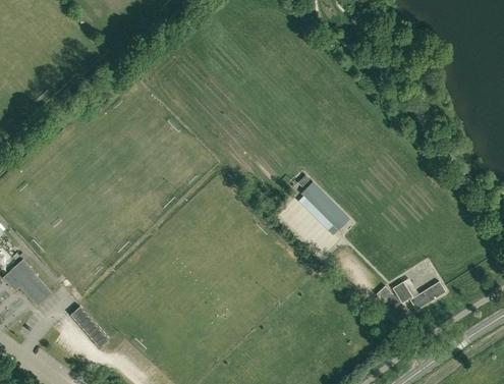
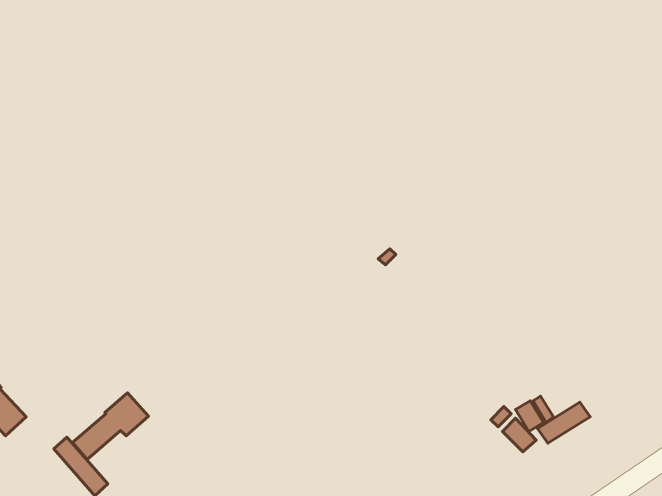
building: [300,183,348,230] -> none
building: none -> [72,393,149,459]

